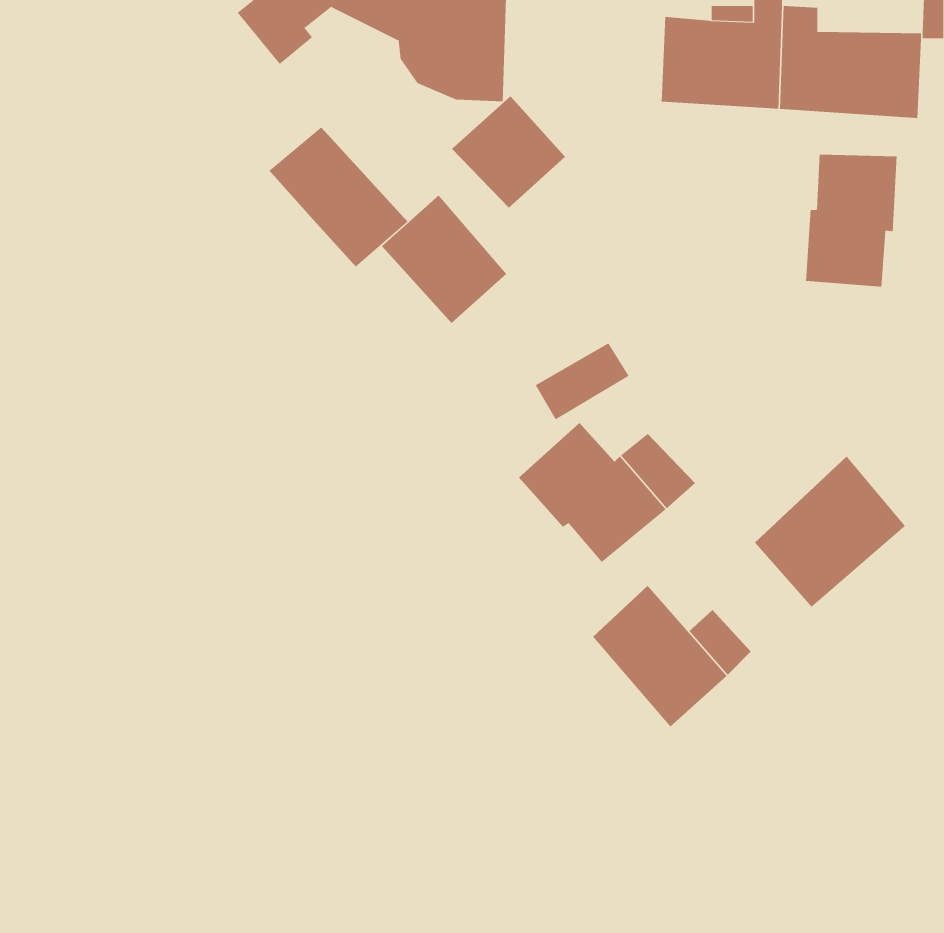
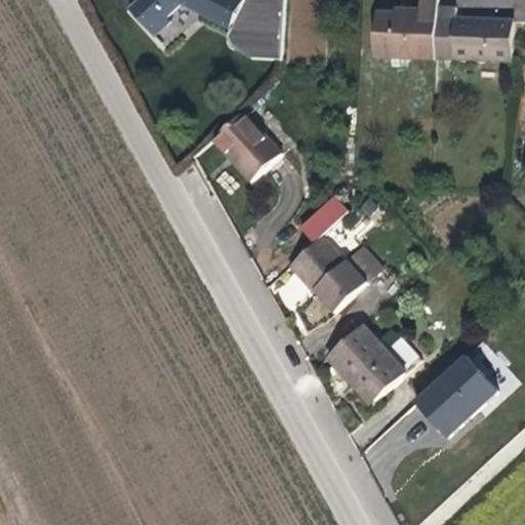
building: [451,95,566,209] -> none
building: [268,127,408,267] -> none
building: [806,154,897,288] -> none
building: [754,456,906,607] -> [412,352,496,436]

